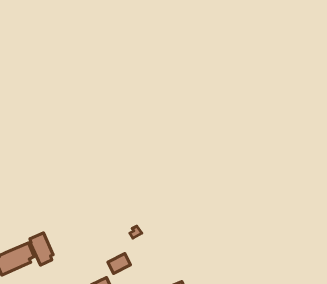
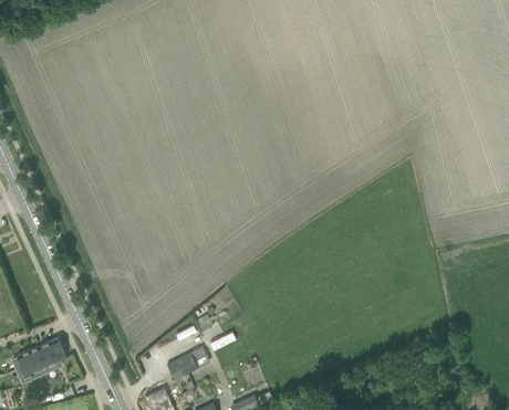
building: [30,233,53,265] -> none

